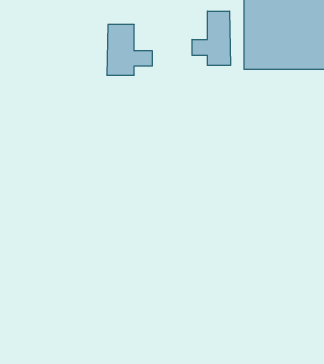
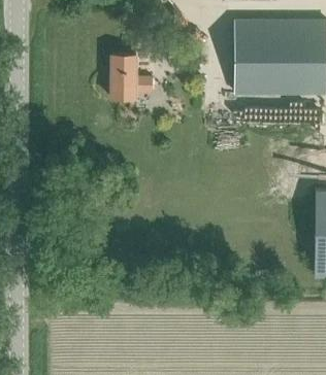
building: [192,11,231,65] -> none

